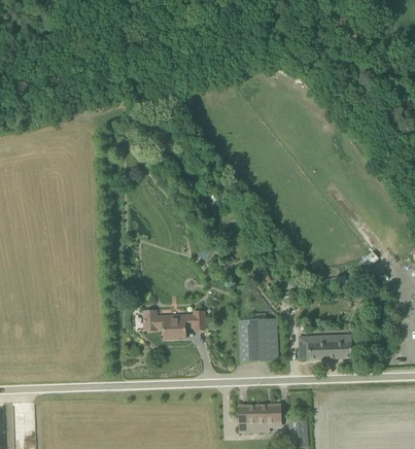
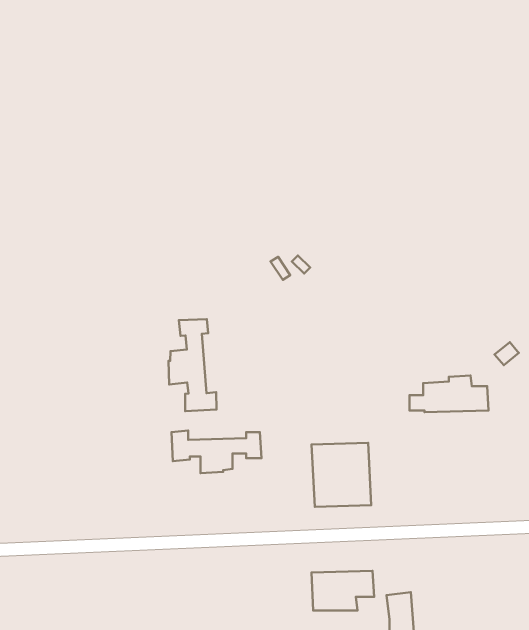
building: none -> [168,319,216,411]
building: [299,334,352,358] -> [409,375,489,412]

